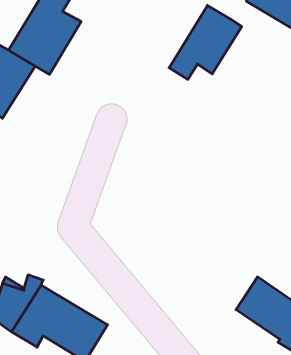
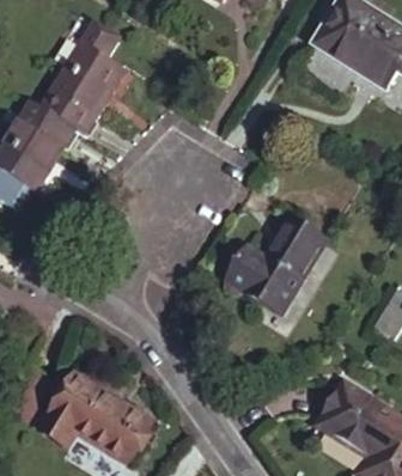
building: [169,5,242,79] -> none
building: none -> [229,219,325,315]

